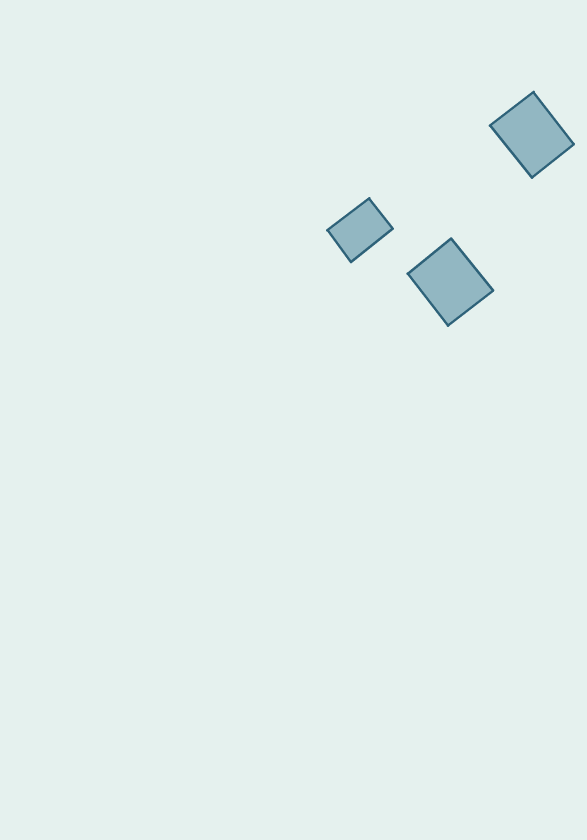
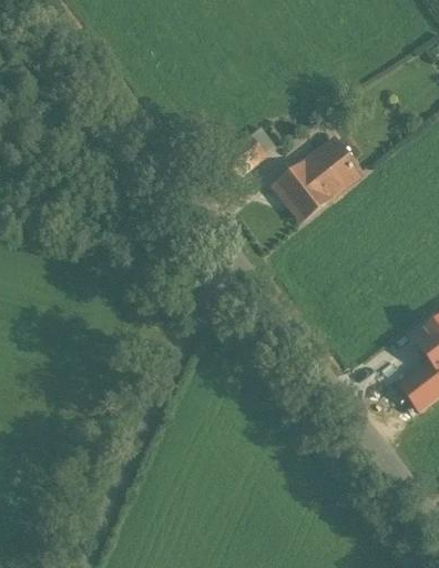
building: [490,92,574,178] -> [306,138,361,194]

